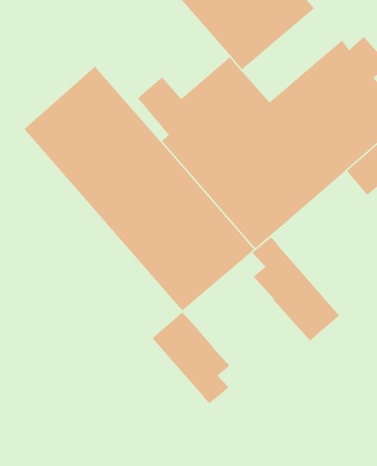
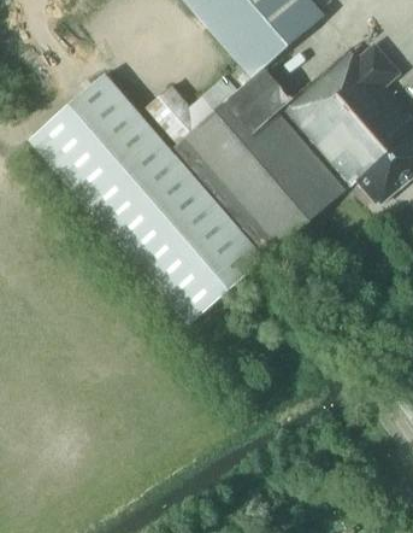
building: [251,237,340,342] -> none
building: [152,311,230,404] -> none

